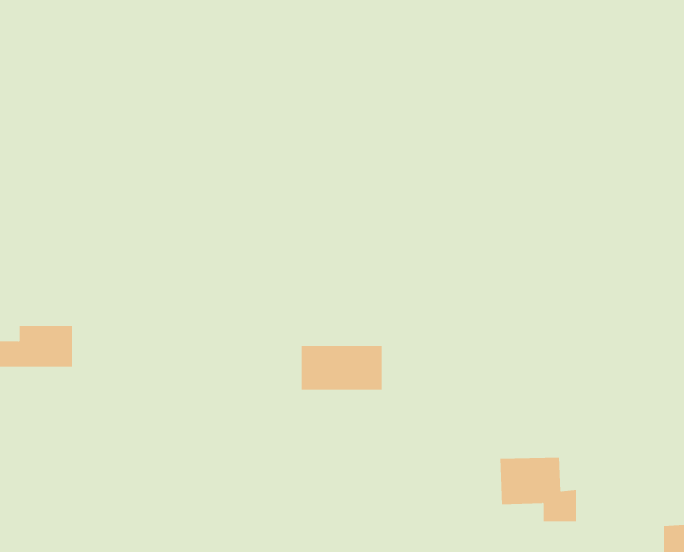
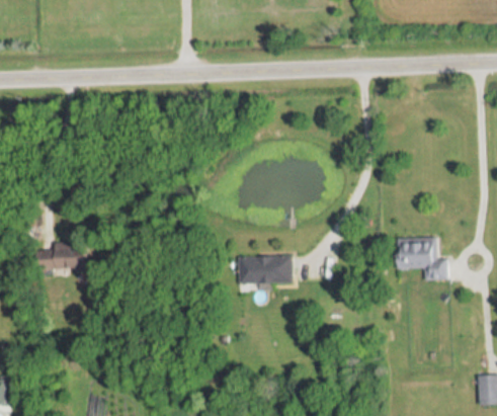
building: [500,457,577,522] -> [397,238,447,280]

